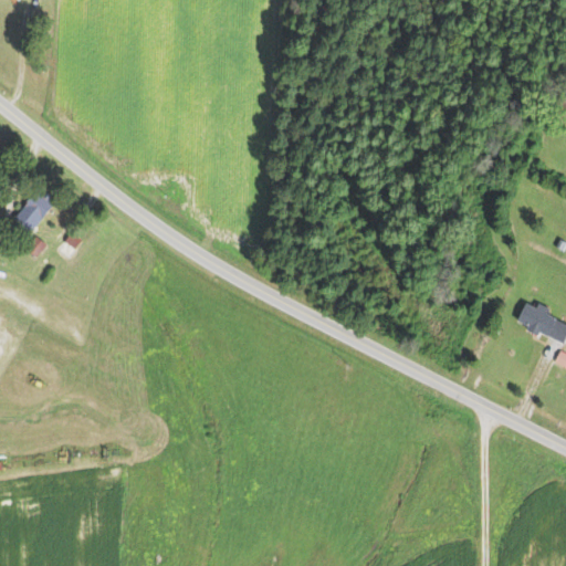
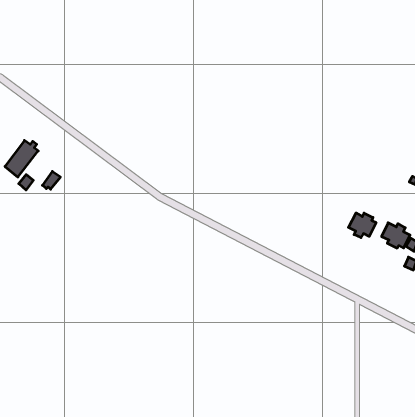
building: none -> [348,213,376,238]

